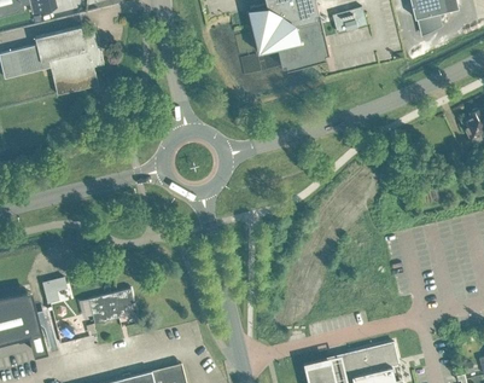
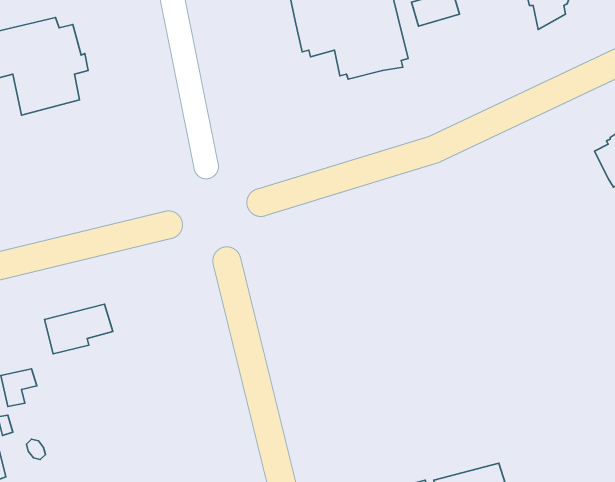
building: [88,290,136,325] -> [44,304,113,354]

